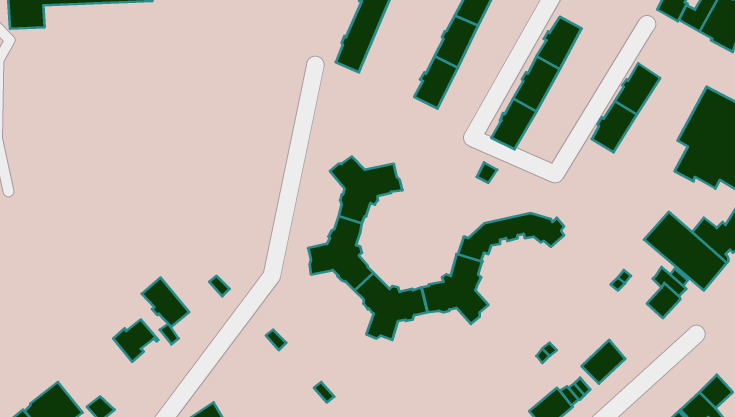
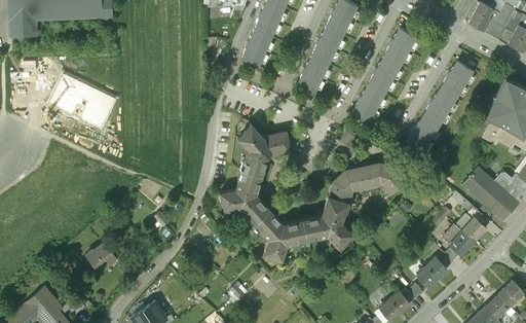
building: none -> [405,114,439,153]
building: [142,278,189,327] -> none
building: none -> [443,224,474,255]

